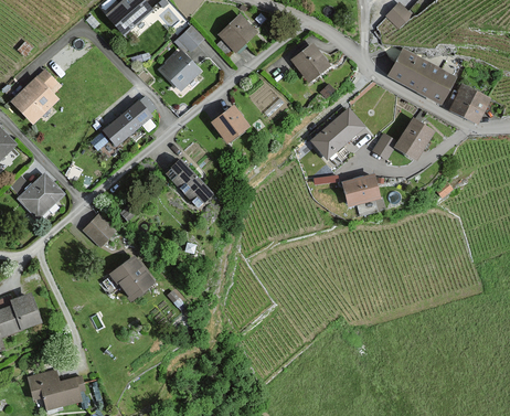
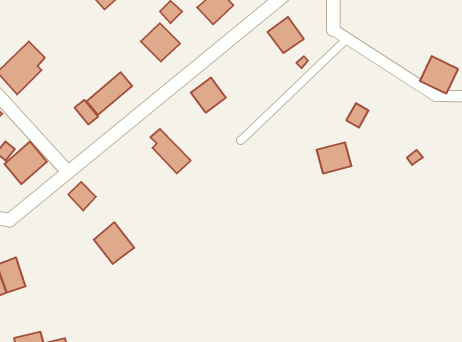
building: [389,47,454,104] -> none
building: [311,108,364,158] -> none
building: [396,118,434,158] -> none

